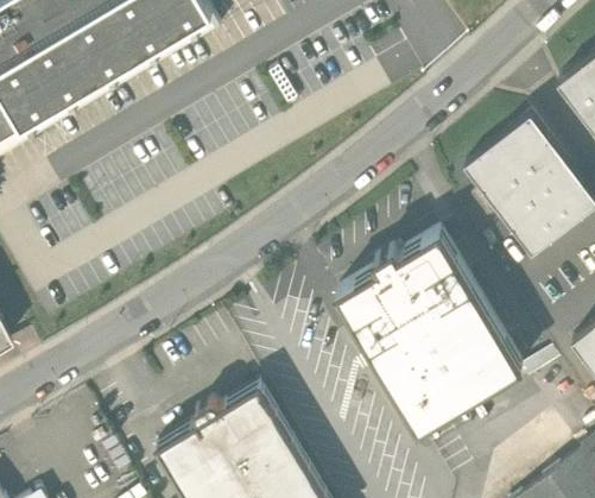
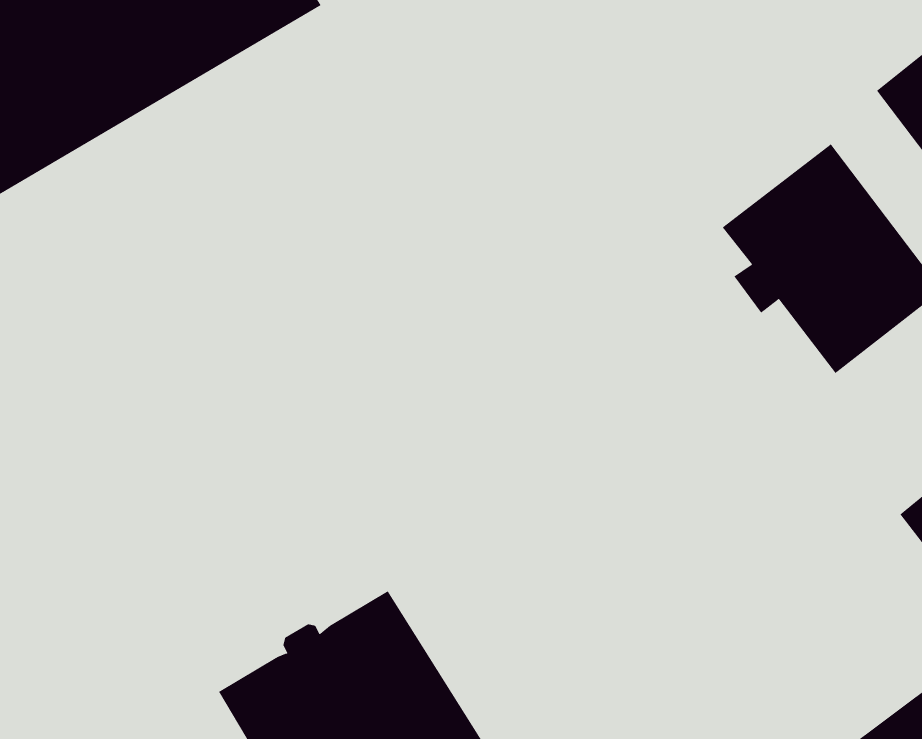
building: [337,228,523,428] -> none

